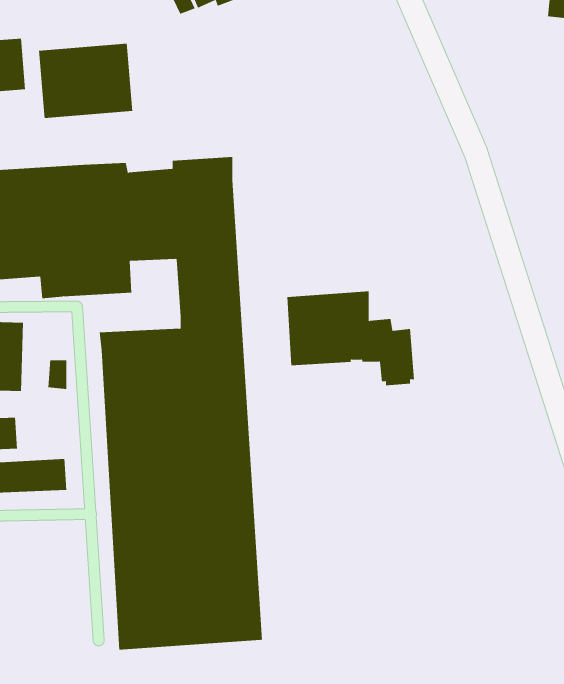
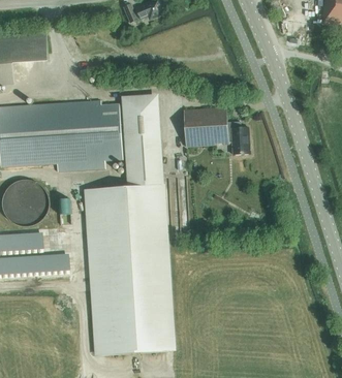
building: [38,43,133,119] -> none
building: [286,291,415,386] -> [183,106,250,156]

